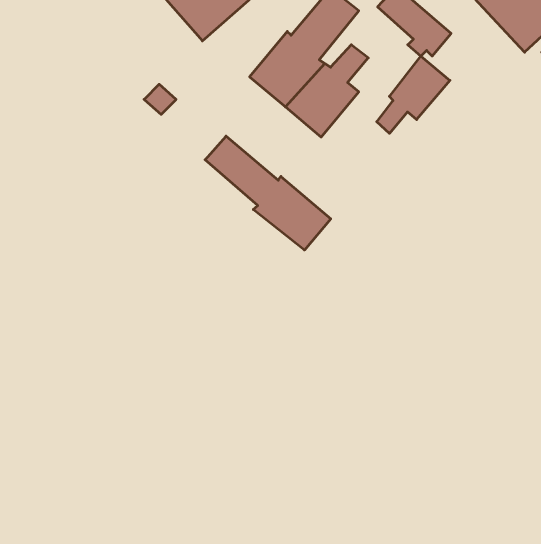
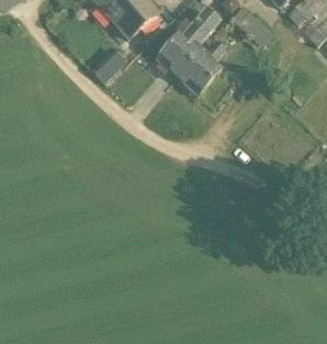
building: [377,56,450,133] -> none
building: [205,136,331,250] -> none

